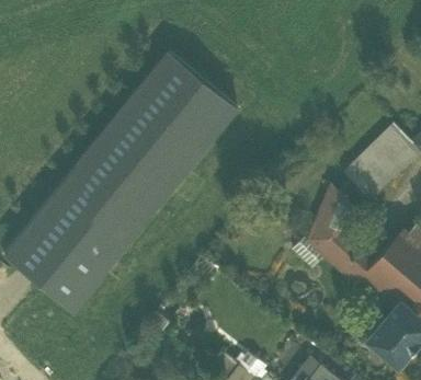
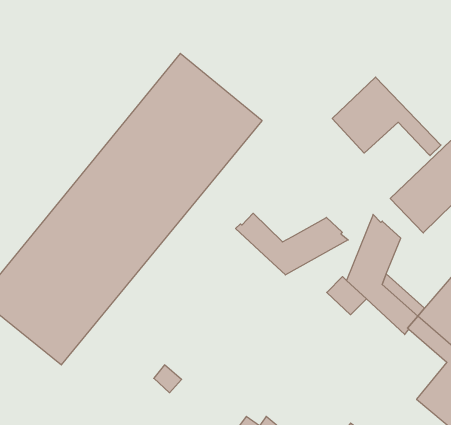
building: none -> [332,77,441,156]
building: none -> [236,213,348,275]

